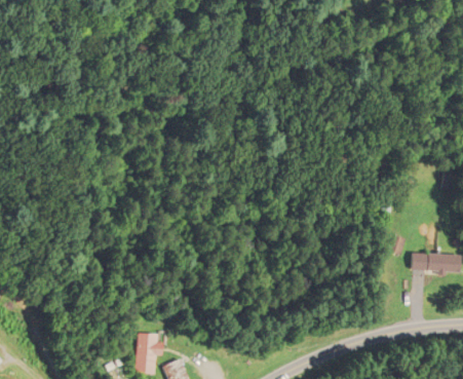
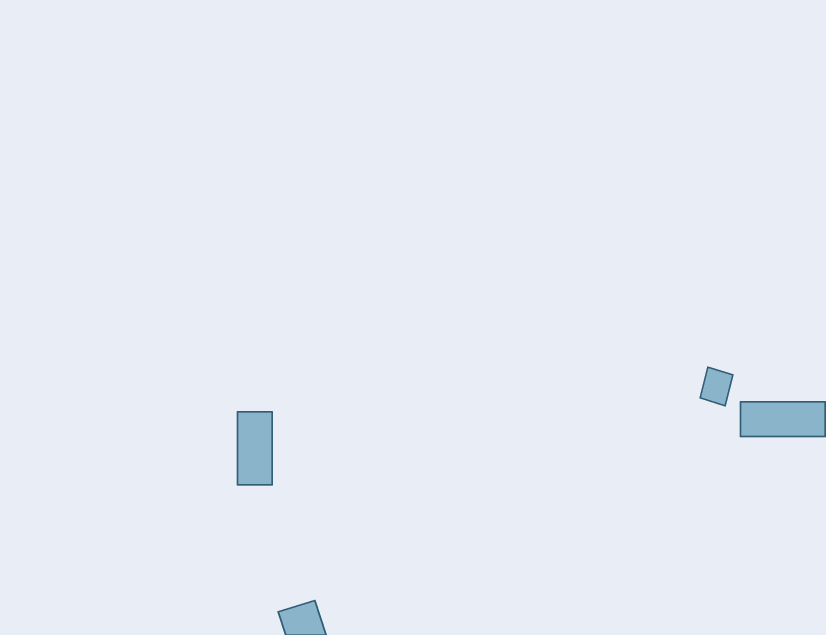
building: [138,334,156,373] -> [237,412,272,485]

